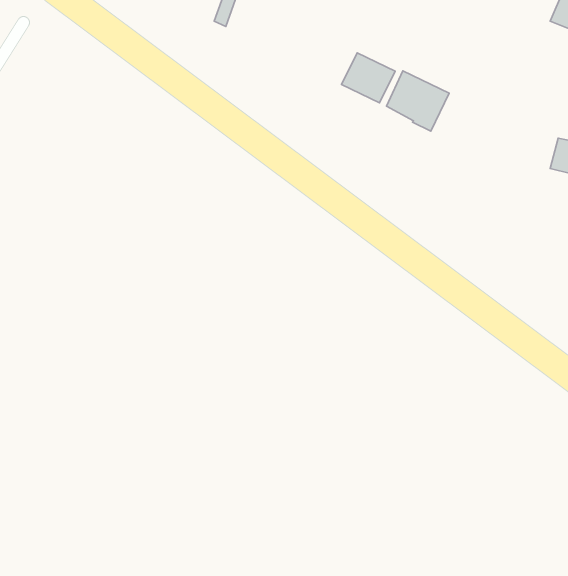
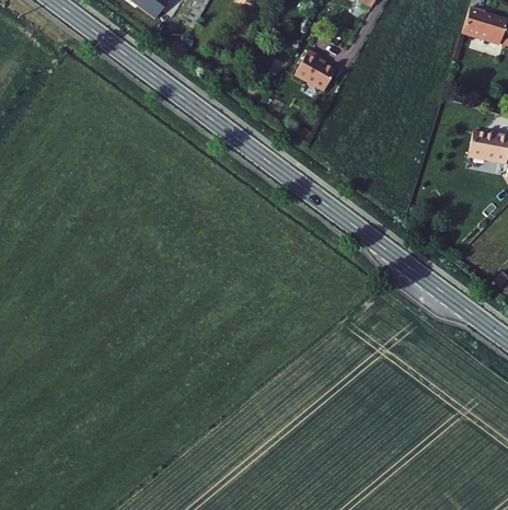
building: [386,71,449,131] -> none

